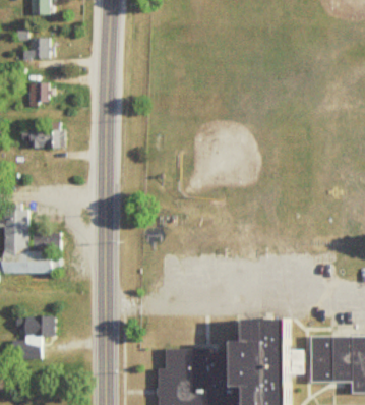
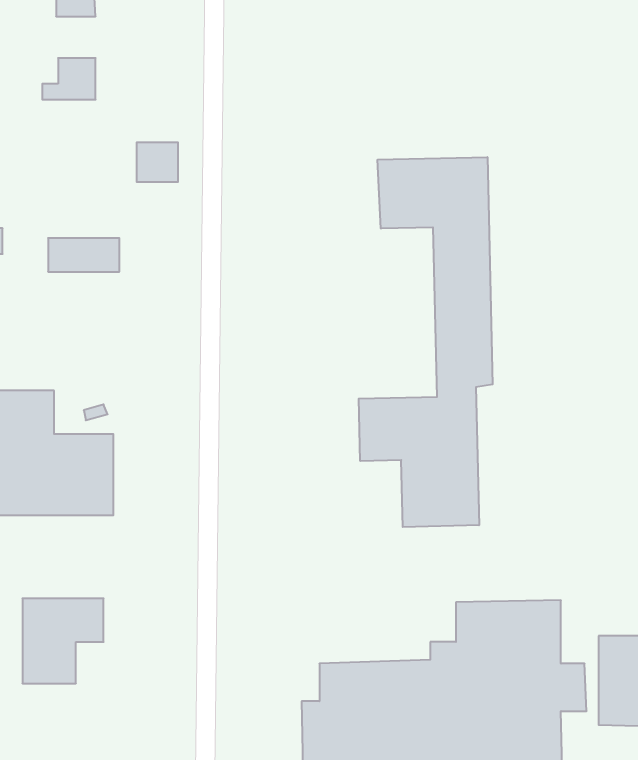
building: [29,83,51,104] -> [137,142,178,182]
building: none -> [359,157,493,527]

